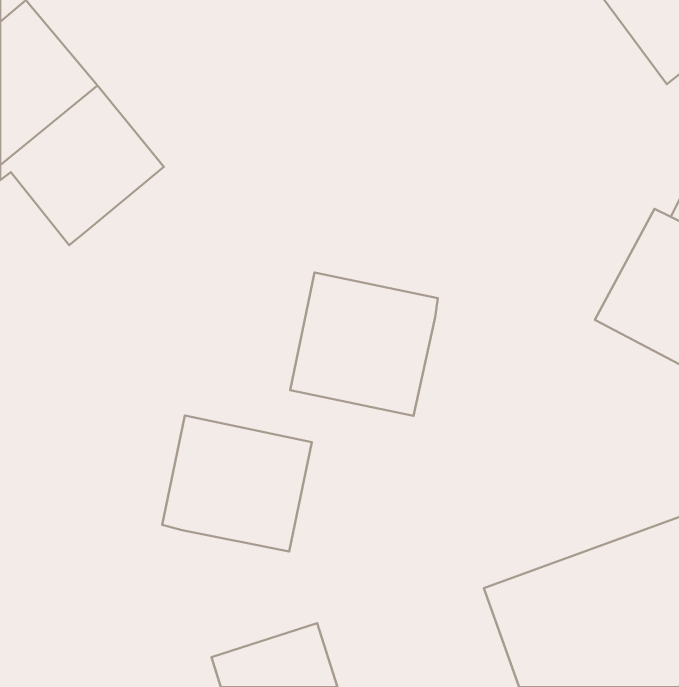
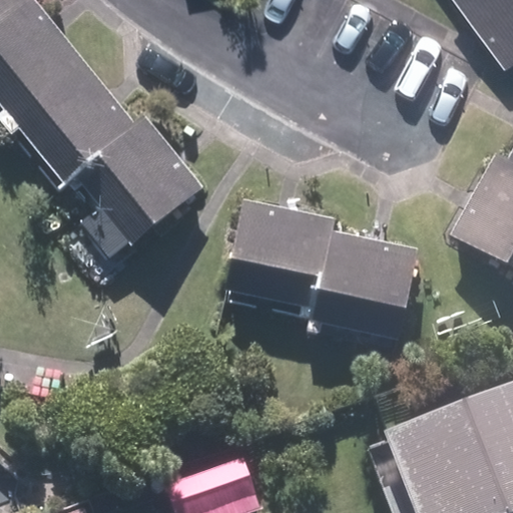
building: none -> [73,113,204,245]
building: none -> [312,234,415,341]
building: [162,415,312,552] -> none

